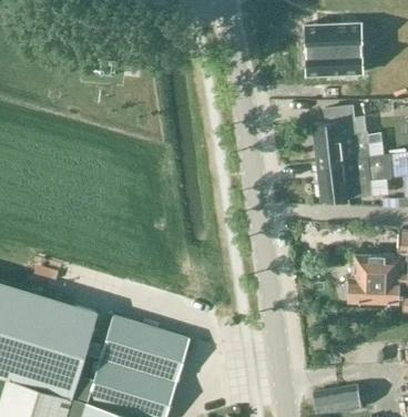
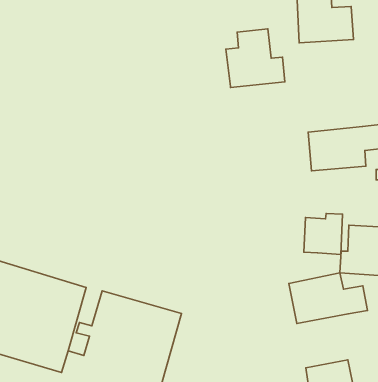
building: [312,104,369,162] -> [226,29,285,88]
building: none -> [304,213,342,254]
building: none -> [289,273,368,324]

